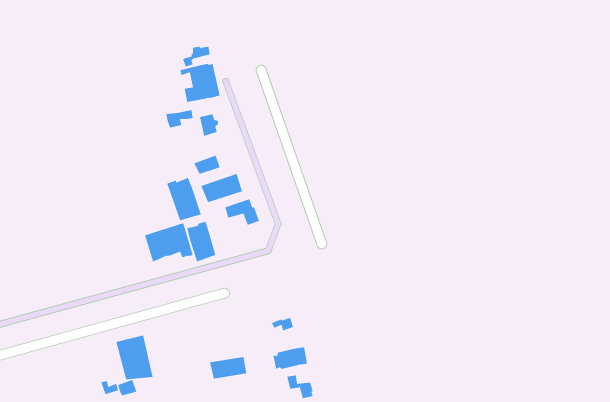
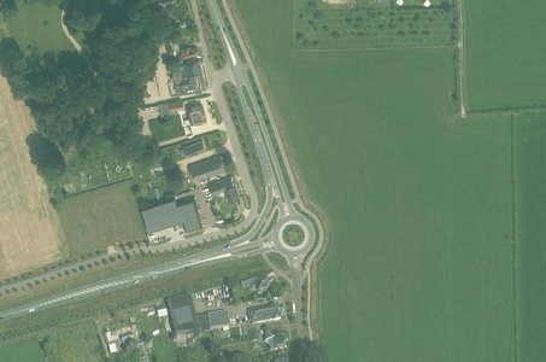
building: [167,177,202,221] -> none
building: [115,335,154,380] -> [166,296,199,334]

